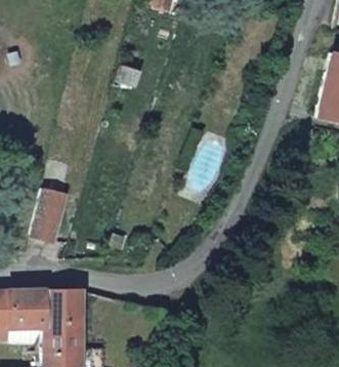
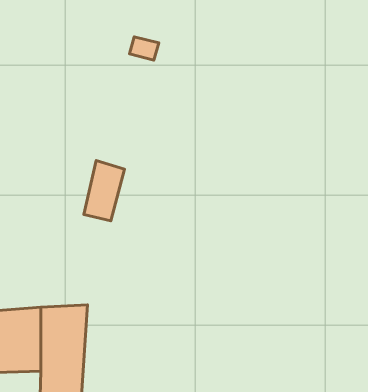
building: [28,190,61,240] -> [84,161,124,221]

